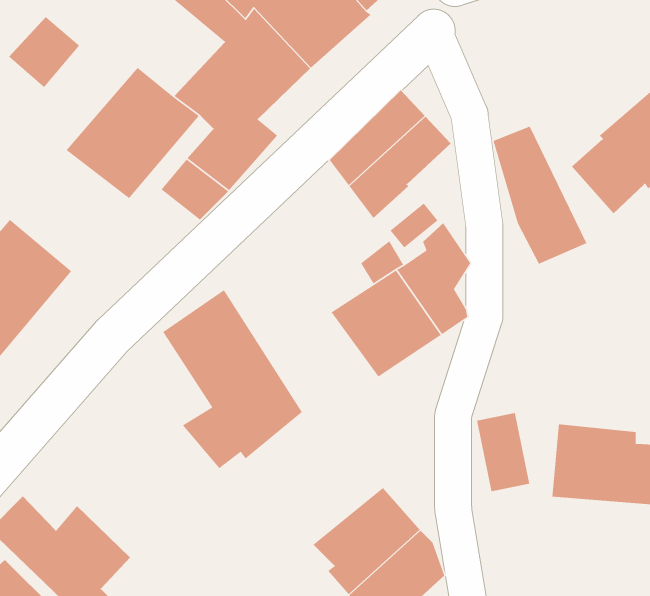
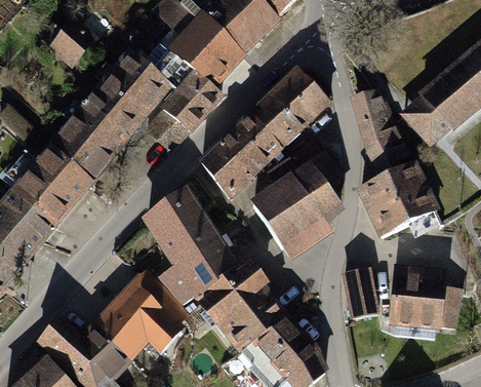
building: none -> [51,105,126,181]
building: none -> [201,111,282,197]
building: none -> [358,163,437,237]
building: none -> [199,262,285,352]
building: none -> [93,270,186,360]

